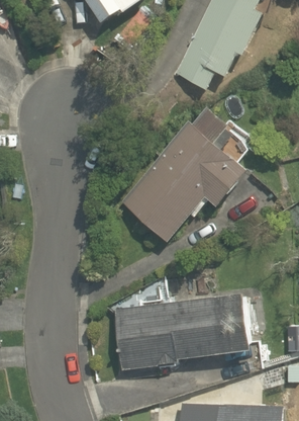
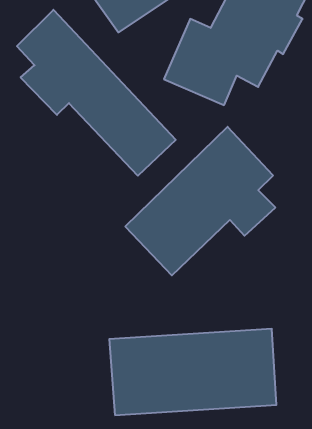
building: none -> [17,10,176,176]

